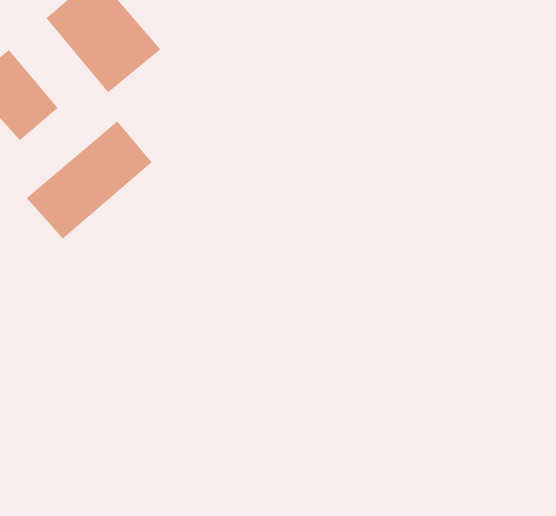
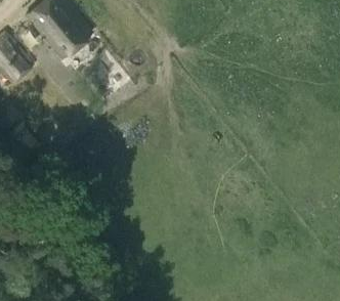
building: [26,121,152,240] -> none

